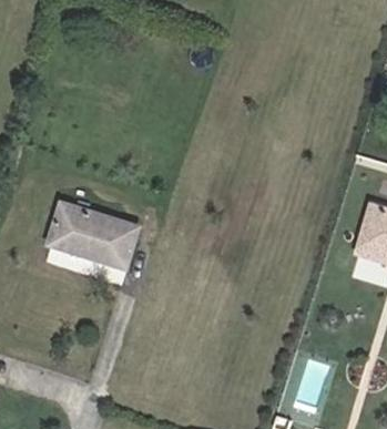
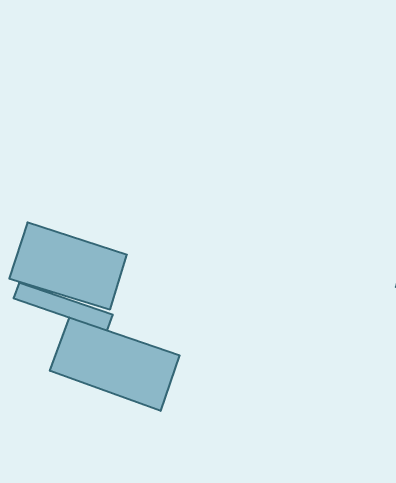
building: none -> [50,317,180,411]

